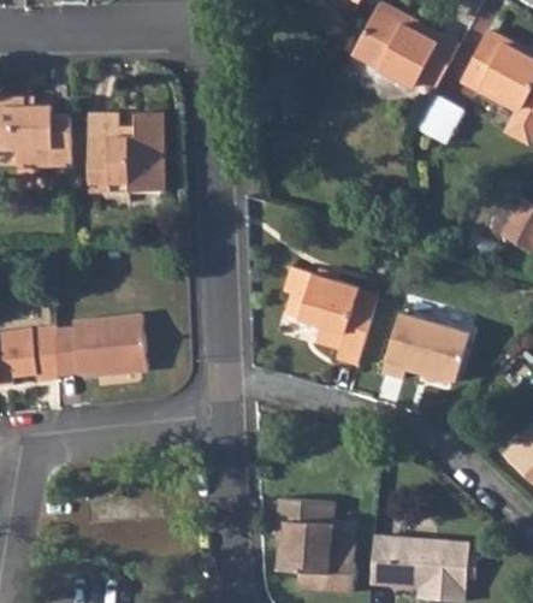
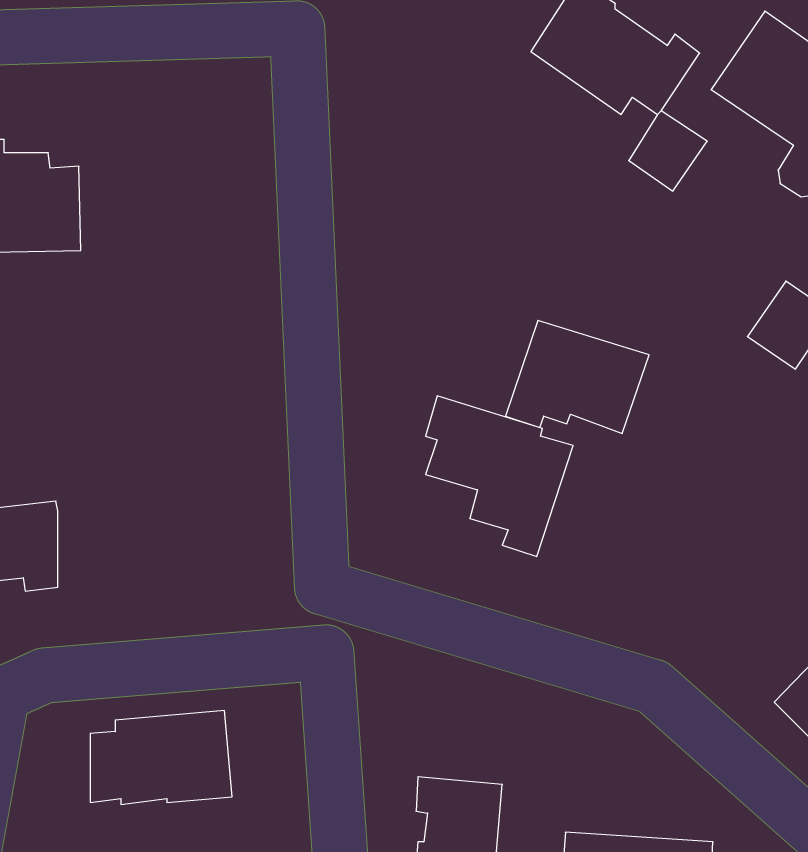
building: [88,118,161,195] -> none
building: [381,308,472,379] -> [505,320,649,433]
building: [55,319,144,378] -> [90,711,232,804]

